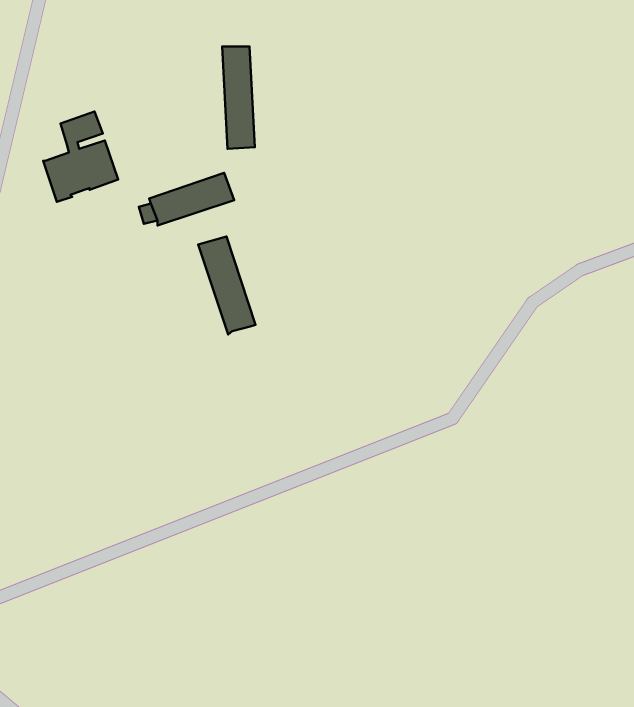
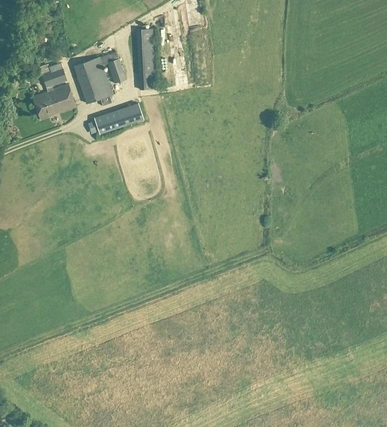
building: none -> [74,51,126,106]
building: [198,236,255,335] -> none

